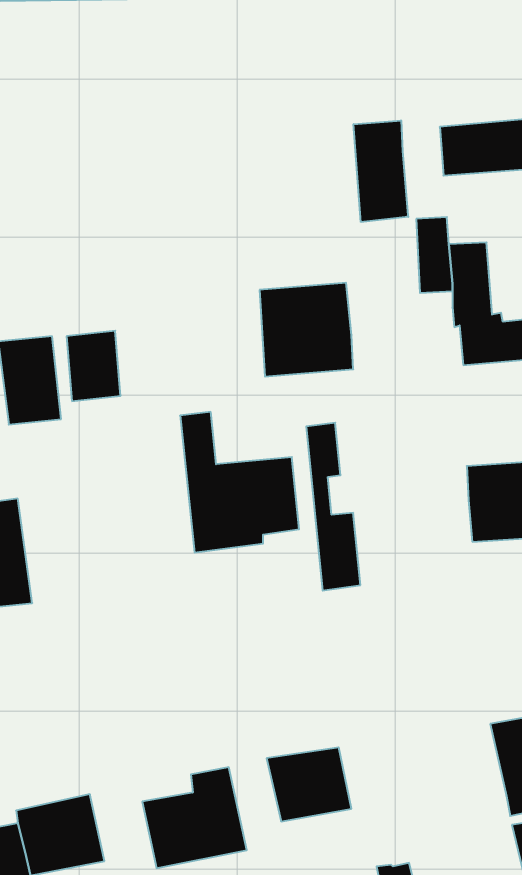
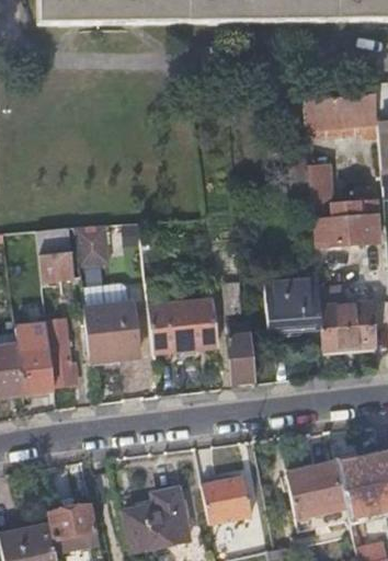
building: [354,120,408,222] -> none
building: [260,283,353,377] -> [265,273,322,330]
building: none -> [85,301,140,364]
building: none -> [50,317,80,383]
building: none -> [285,461,345,515]

